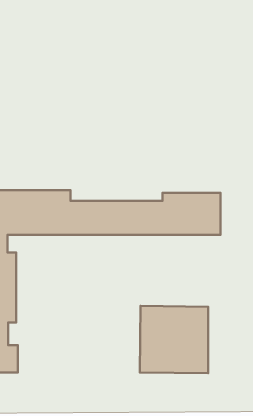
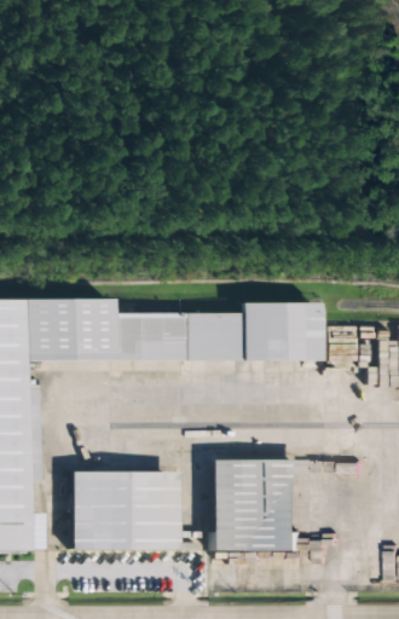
building: none -> [65,470,173,550]

